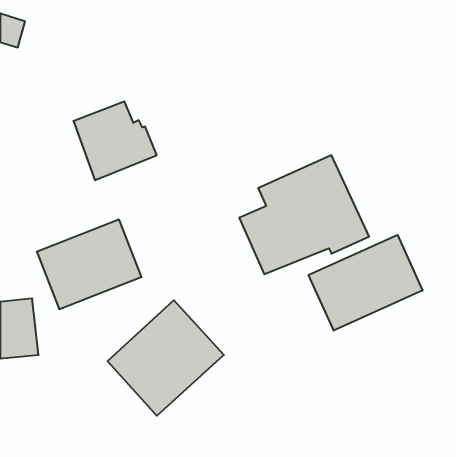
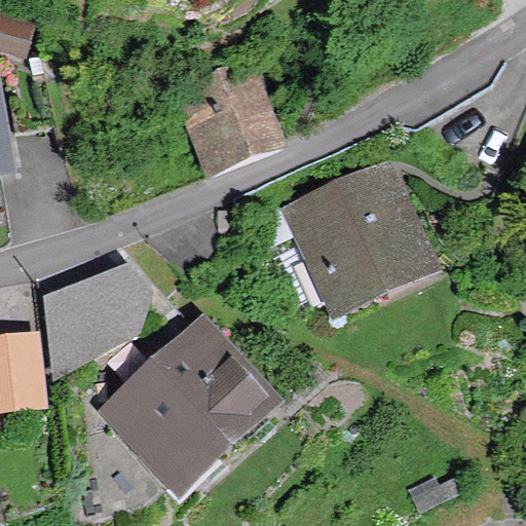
building: [73,101,157,180] -> [183,82,278,173]
building: [309,235,423,331] -> none

